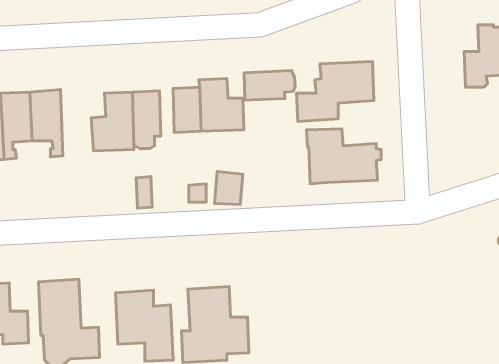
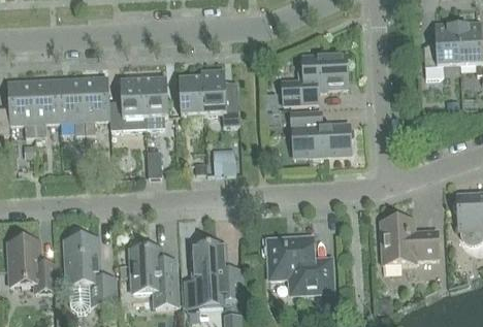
building: [244,71,295,100] -> none
building: none -> [83,76,109,133]
building: none -> [380,216,438,264]
building: none -> [264,236,332,293]

